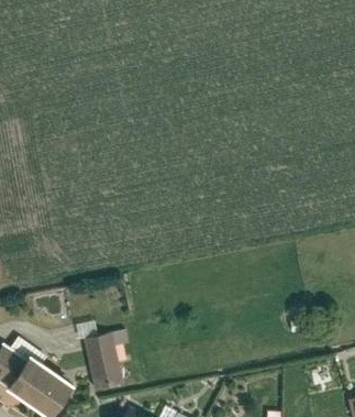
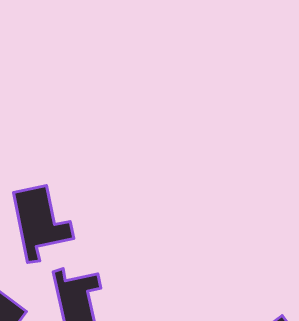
building: none -> [14,185,74,262]

